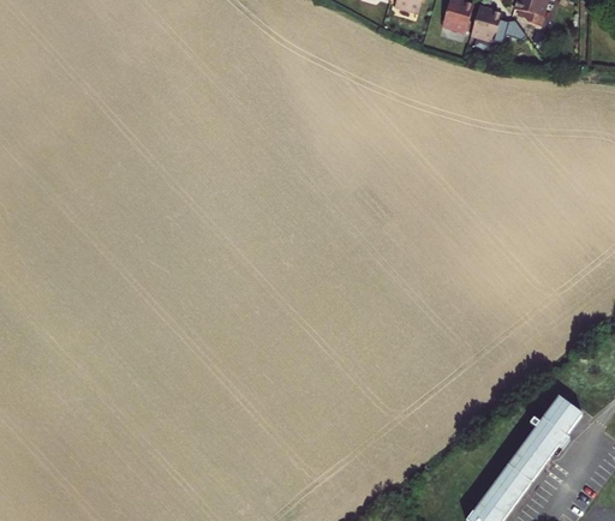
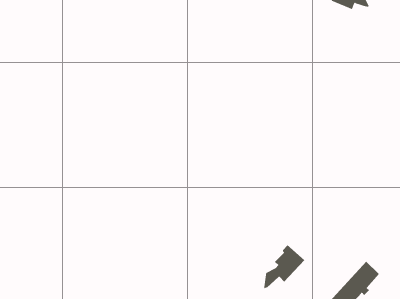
building: none -> [264,244,305,289]

